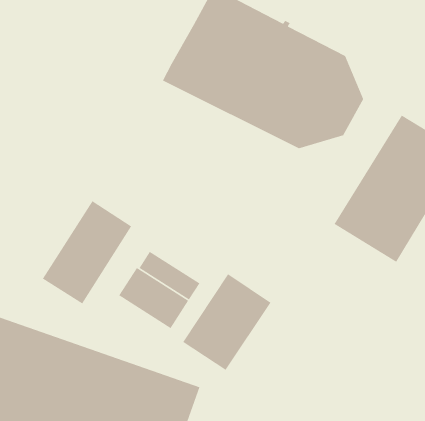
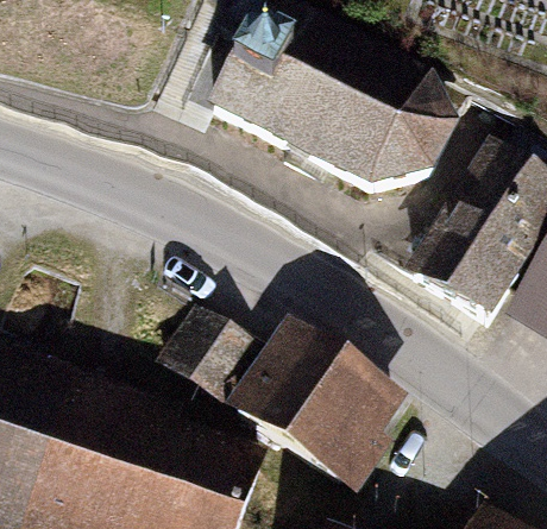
building: [42,200,132,304] -> none
building: none -> [293,373,396,486]

